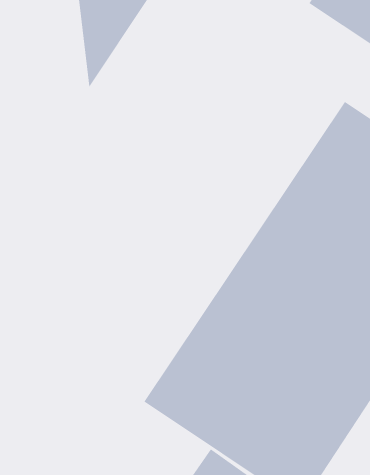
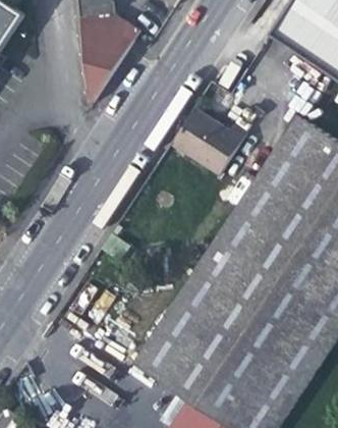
building: none -> [177,107,254,172]

